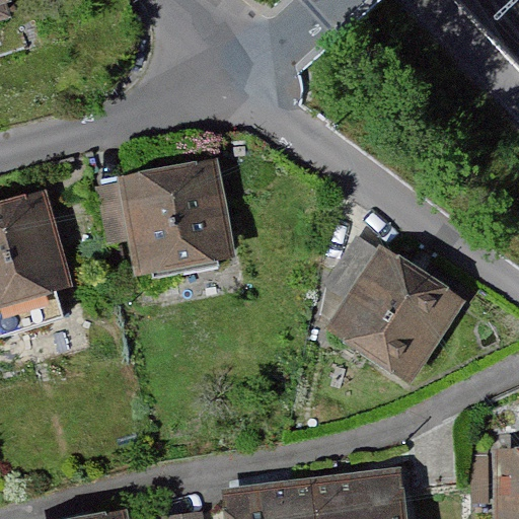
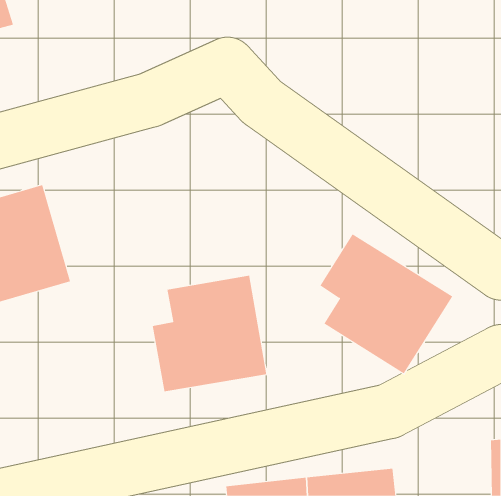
building: [95,161,237,278] -> none
building: none -> [152,275,267,392]

